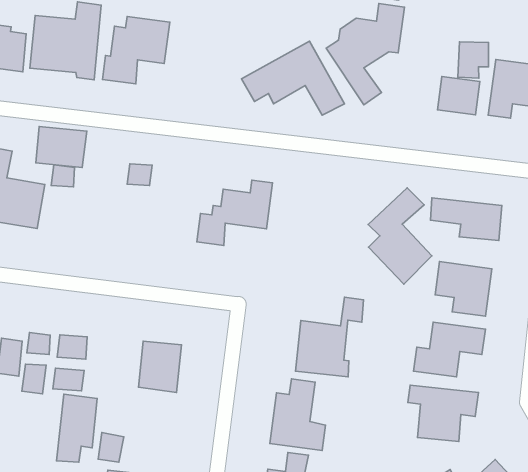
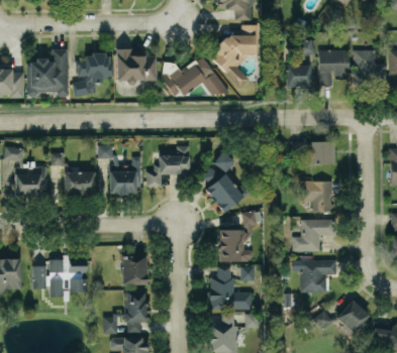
building: none -> [115,48,156,81]
building: [36,126,87,168] -> [64,171,94,196]
building: [368,188,432,284] -> [201,151,243,212]
building: none -> [109,156,139,194]
building: [56,394,97,462] -> [125,290,147,333]

